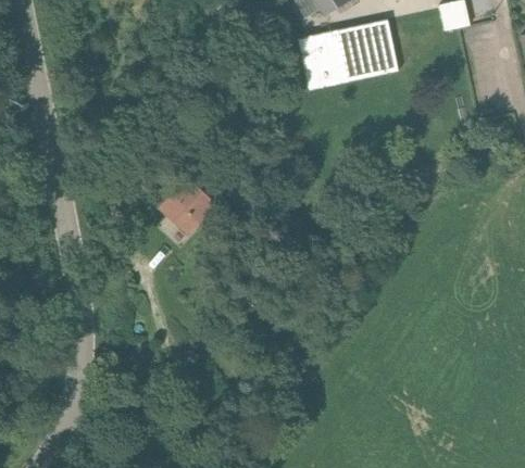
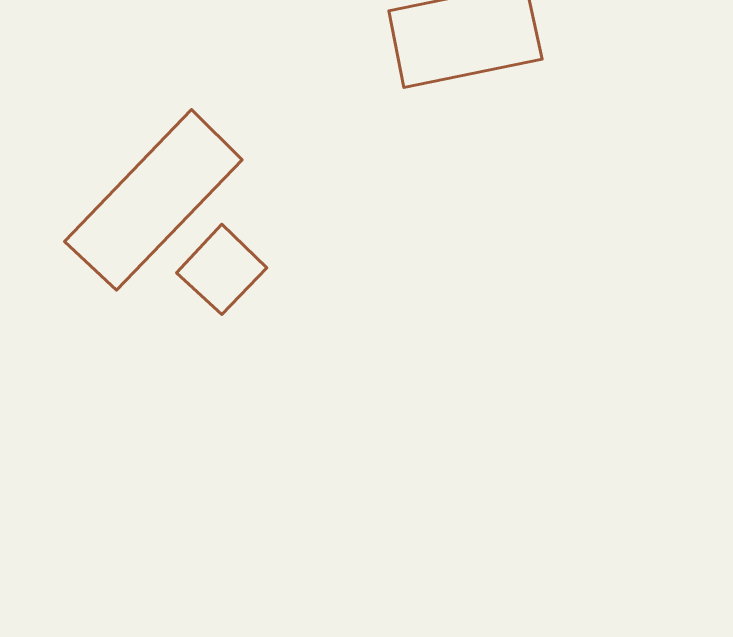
building: none -> [64,109,242,290]

